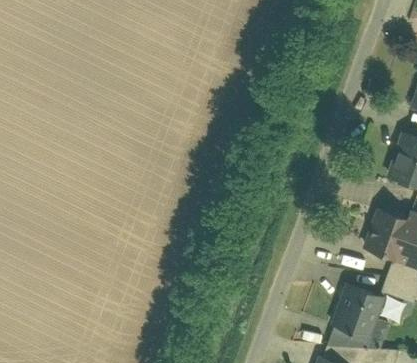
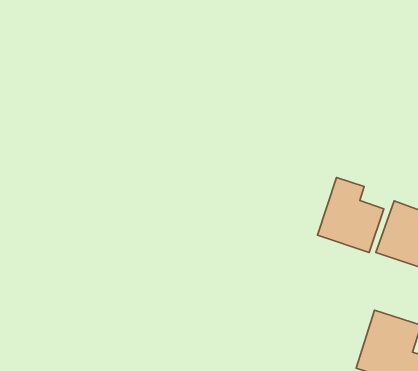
building: none -> [317,177,384,252]

